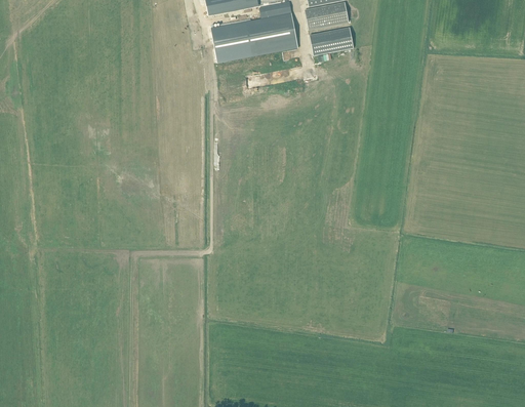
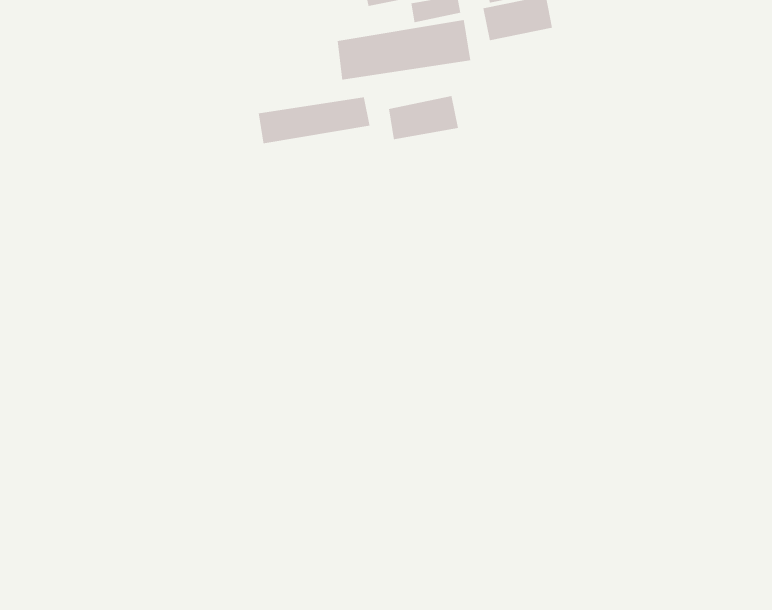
building: [309,28,353,55] -> [388,96,459,140]
building: none -> [258,97,370,144]

